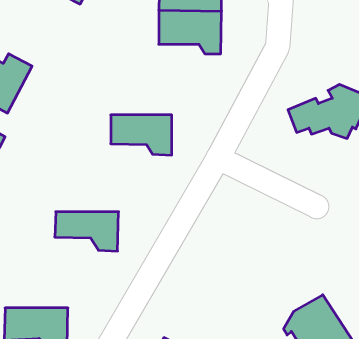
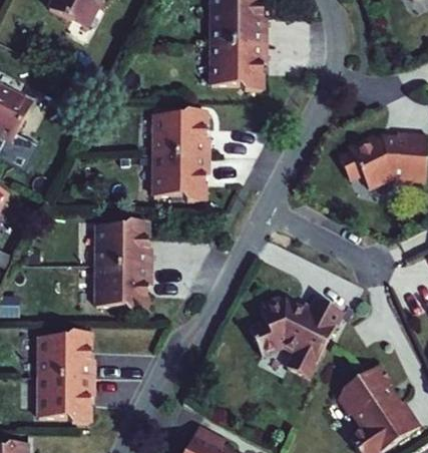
building: none -> [138,112,209,158]
building: none -> [75,224,147,270]
building: none -> [253,296,344,376]
building: none -> [17,336,89,380]

